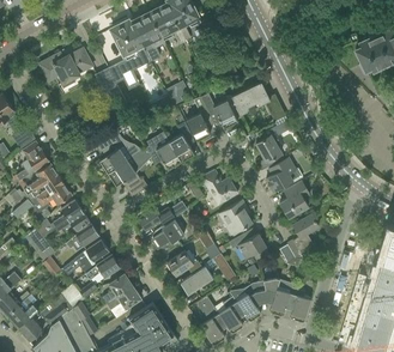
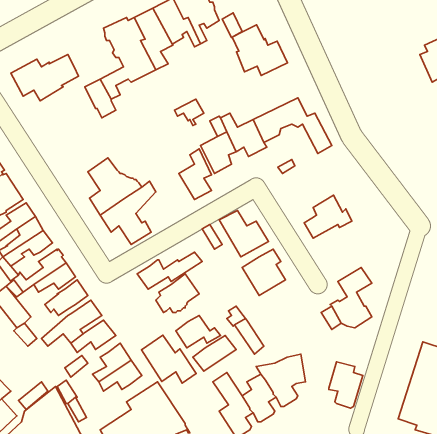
building: none -> [232,25,287,75]
building: [146,132,181,170] -> none
building: [255,133,284,171] -> none
building: [279,181,309,219] -> none
building: [229,233,266,260] -> none
building: none -> [141,335,196,383]
building: [263,279,292,317] -> none

